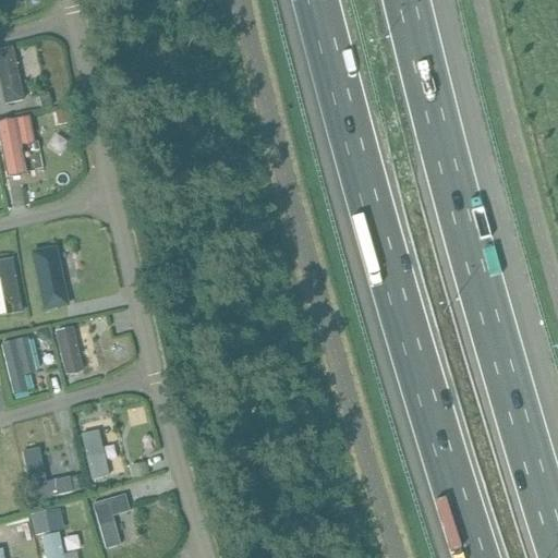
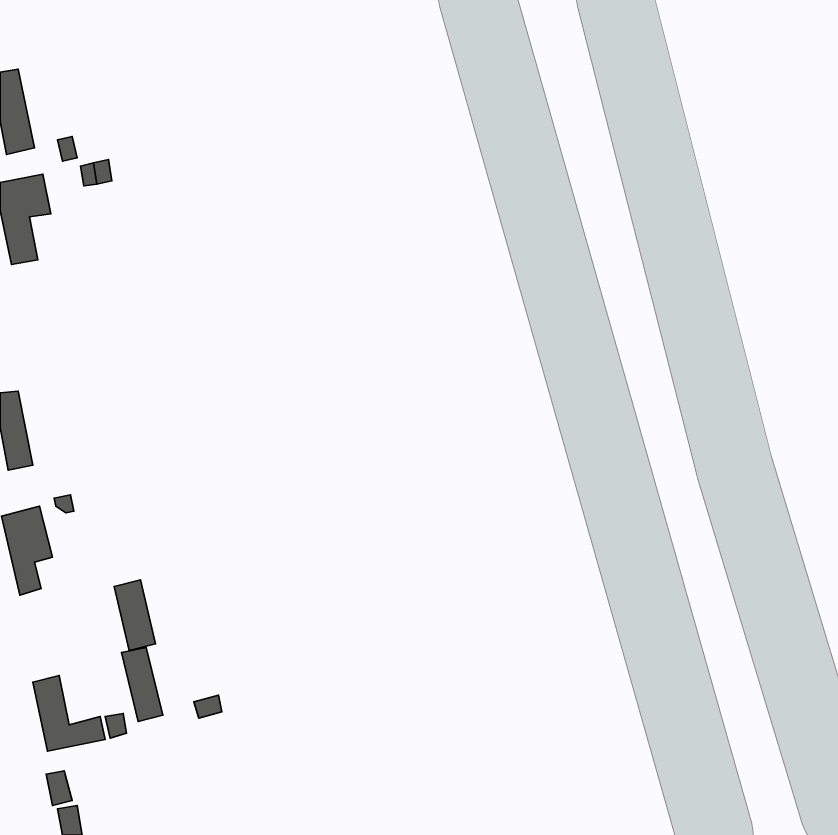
building: [34,246,68,308] -> none
building: [56,326,83,373] -> [114,580,155,651]
building: [94,493,130,547] -> none

